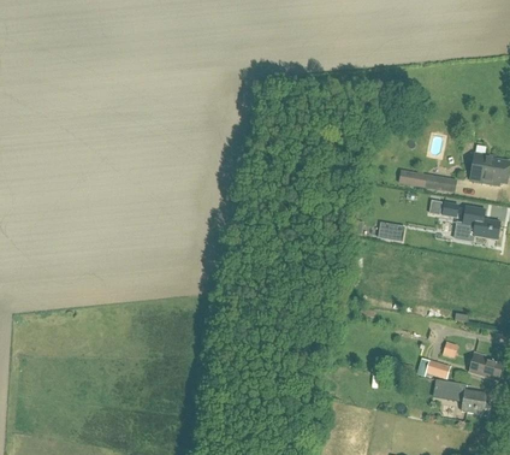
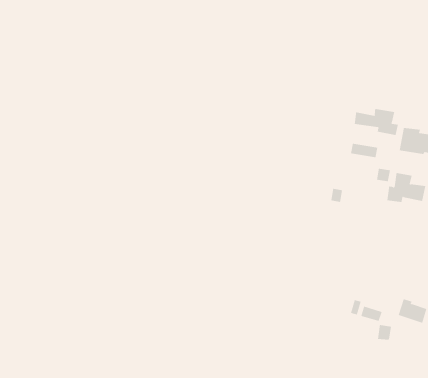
building: none -> [354,108,398,136]
building: [459,389,488,414] -> none

